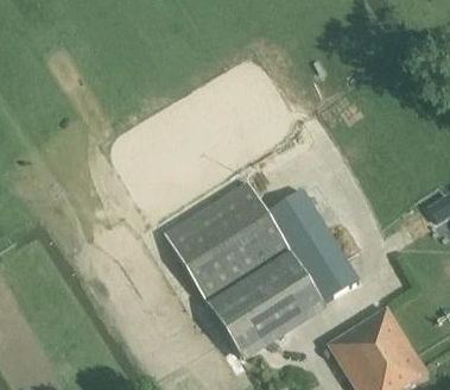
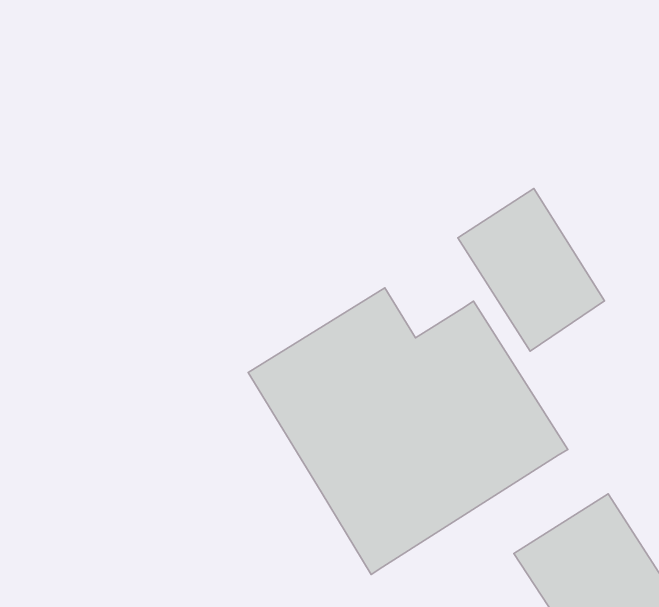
building: none -> [458,188,605,351]

